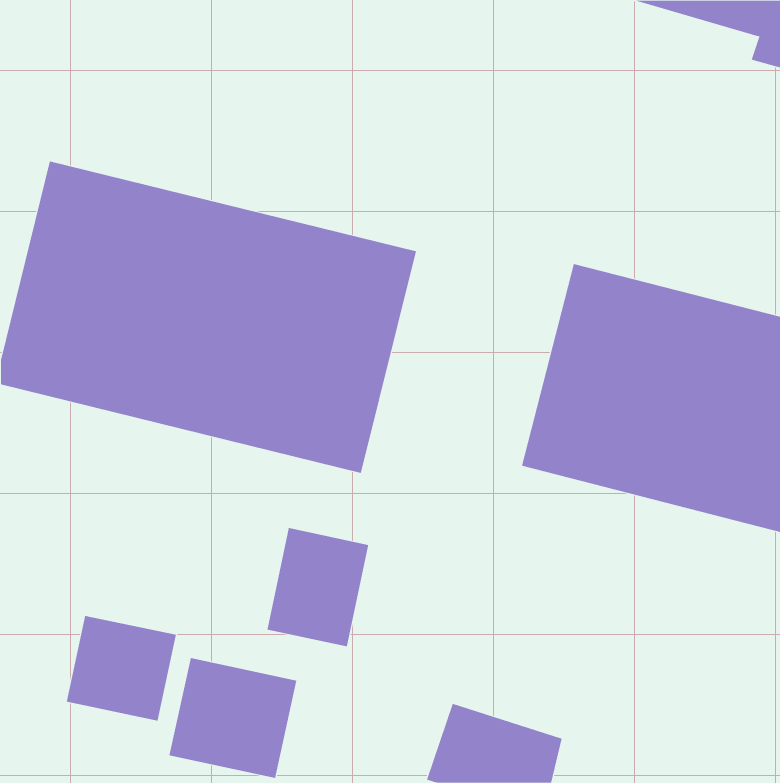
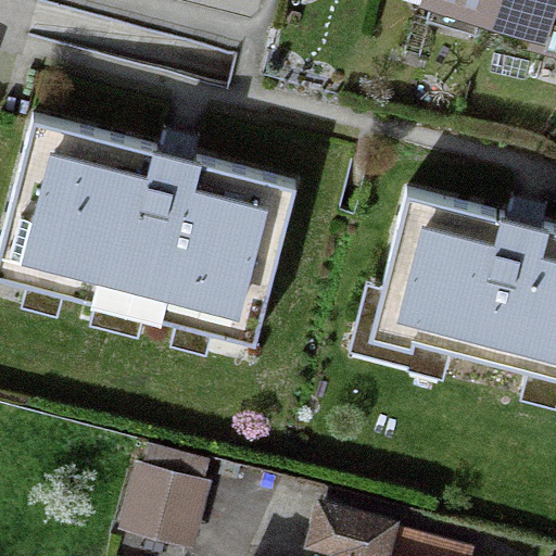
building: [267,527,369,647] -> none
building: [66,615,177,721] -> none

